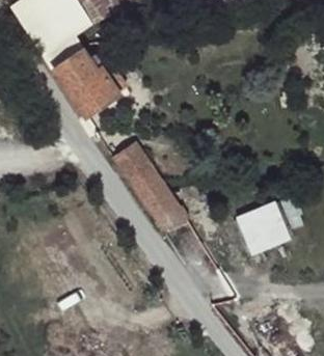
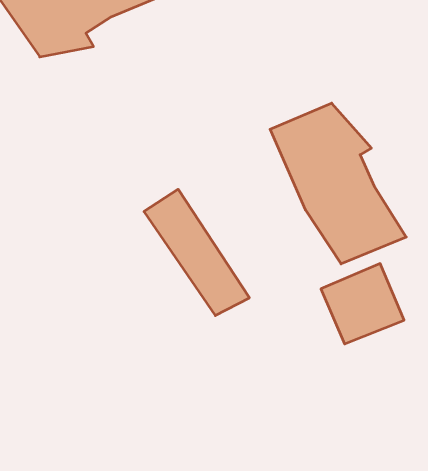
building: [40,47,118,117] -> none
building: none -> [270,103,406,264]

